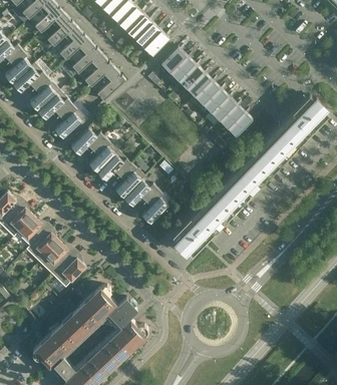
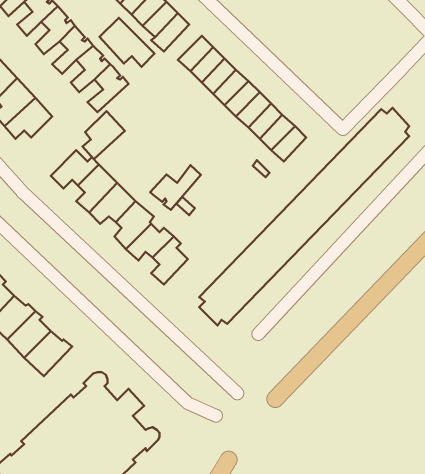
building: none -> [100,18,154,67]
building: [54,103,84,137] -> [82,111,125,159]
building: none -> [150,165,201,210]

